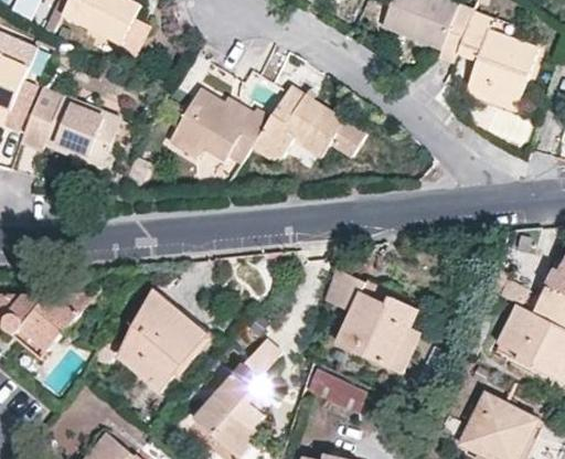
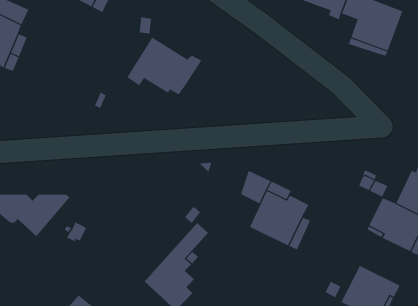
building: [252,86,369,161] -> none
building: [22,87,124,168] -> none
building: [119,288,204,388] -> none
building: [309,371,369,414] -> none

